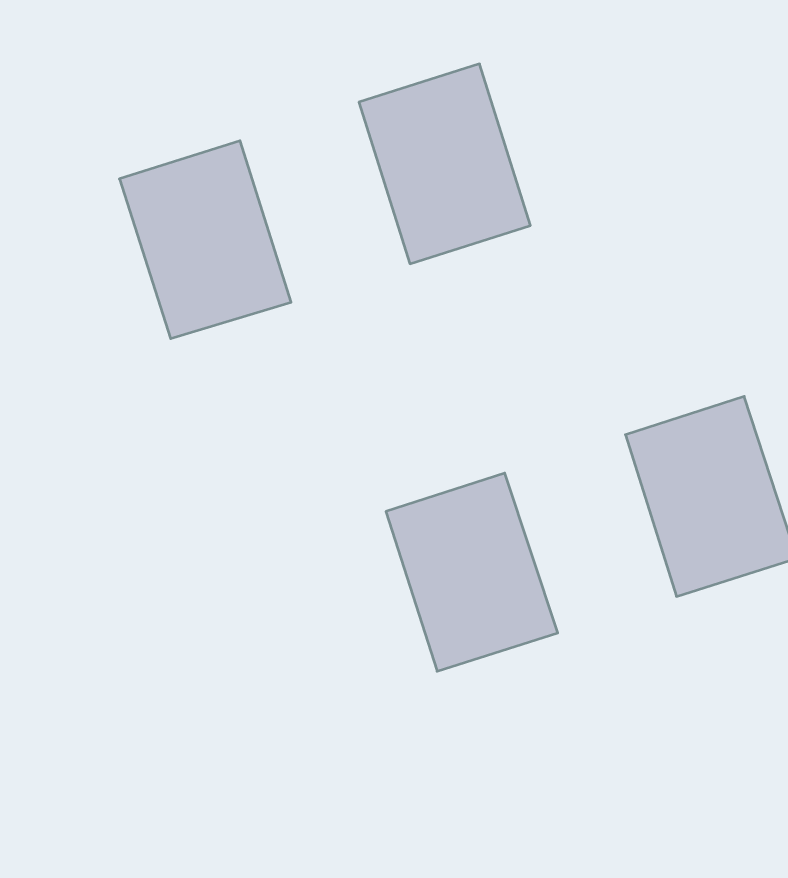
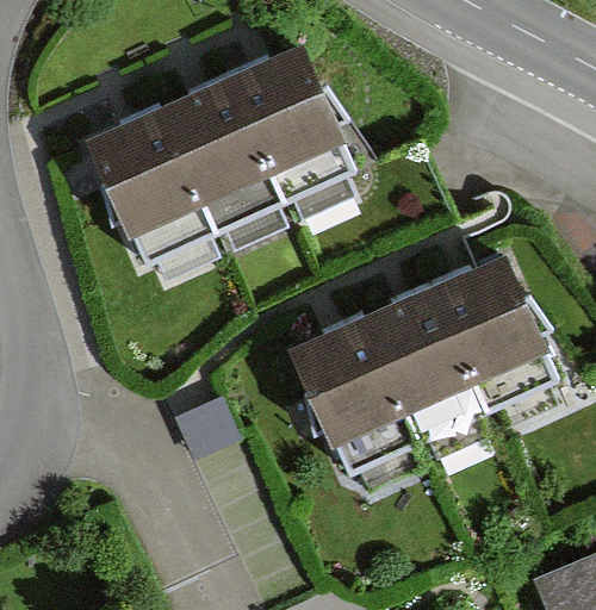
building: none -> [169,93,285,224]
building: none -> [359,286,476,416]

